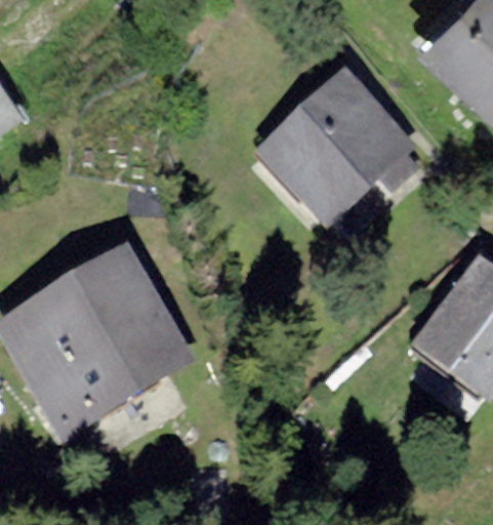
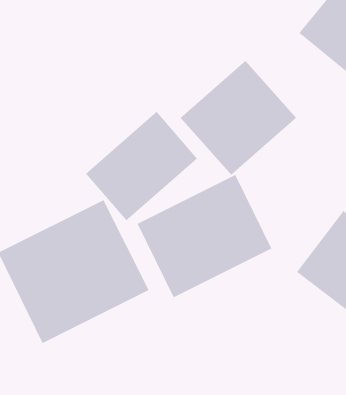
building: none -> [85,111,198,221]
building: none -> [137,174,272,298]

